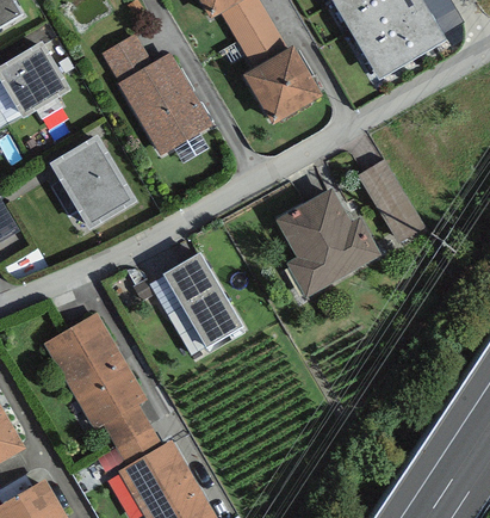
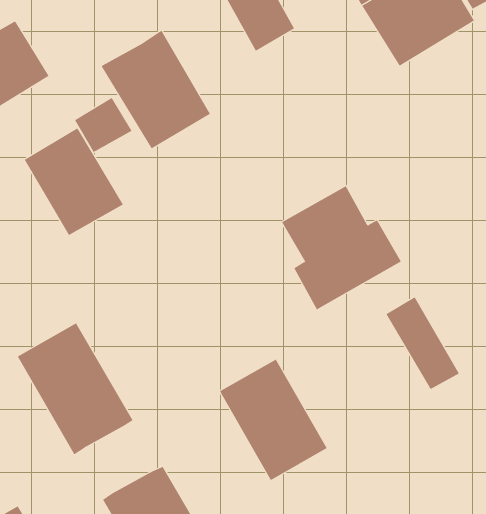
building: [100,32,151,81] -> [74,97,132,153]
building: [242,47,322,127] -> none
building: [356,159,422,241] -> [385,296,460,390]
building: [147,252,242,359] -> [219,359,328,481]
building: [103,399,160,458] -> none

